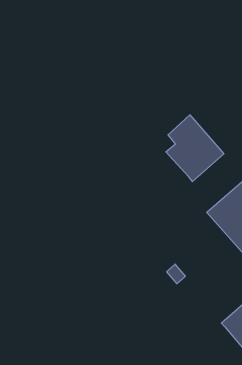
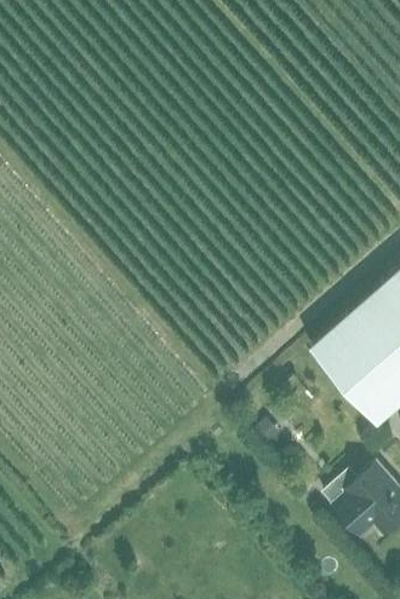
building: [166,115,224,182] -> none

